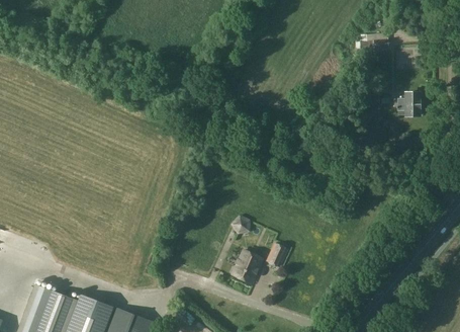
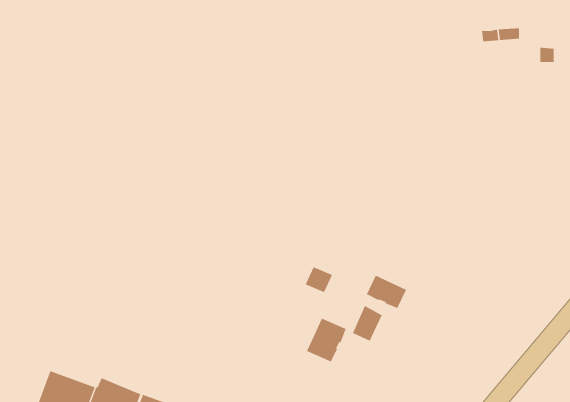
building: [392,93,419,116] -> none
building: none -> [366,275,407,309]

